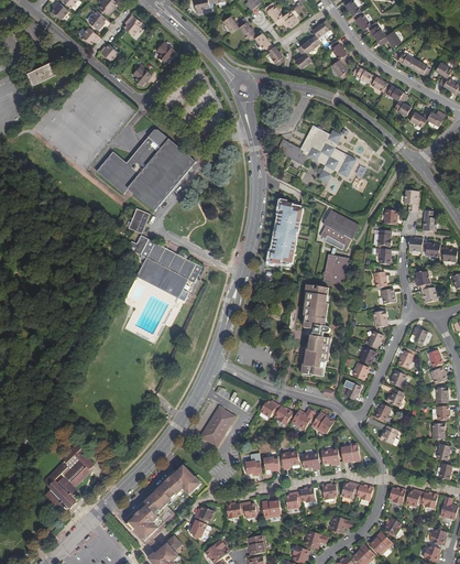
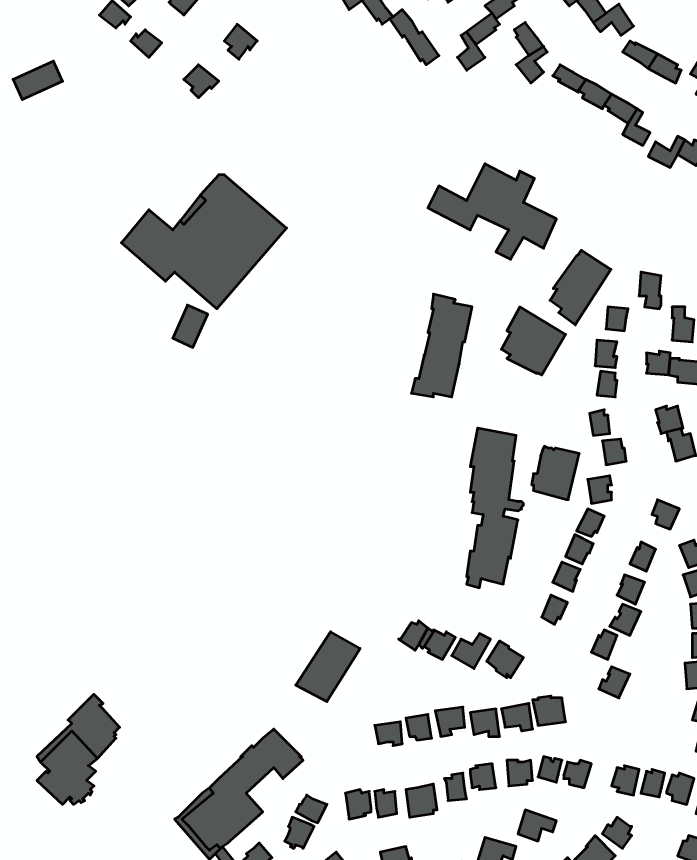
building: none -> [550,250,611,325]
building: [125,235,202,301] -> none
building: [321,254,350,286] -> [532,446,579,500]

